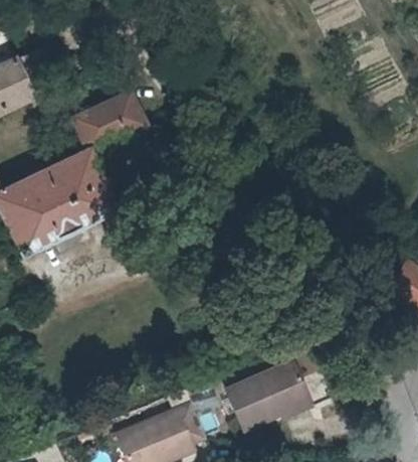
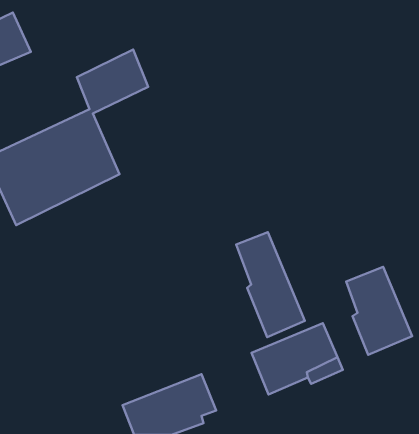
building: none -> [236,232,305,337]
building: none -> [346,267,412,355]

